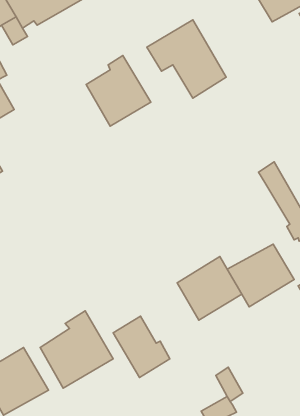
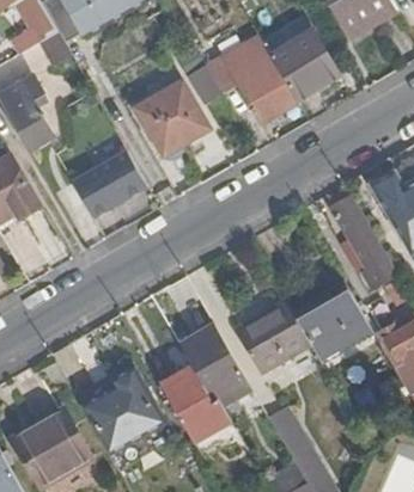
building: none -> [268,27,336,98]
building: none -> [71,144,154,219]
building: none -> [181,326,249,402]

